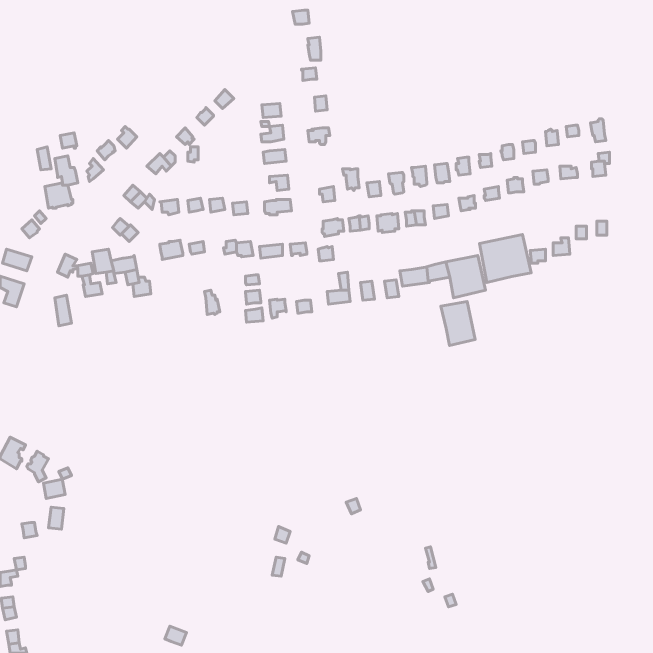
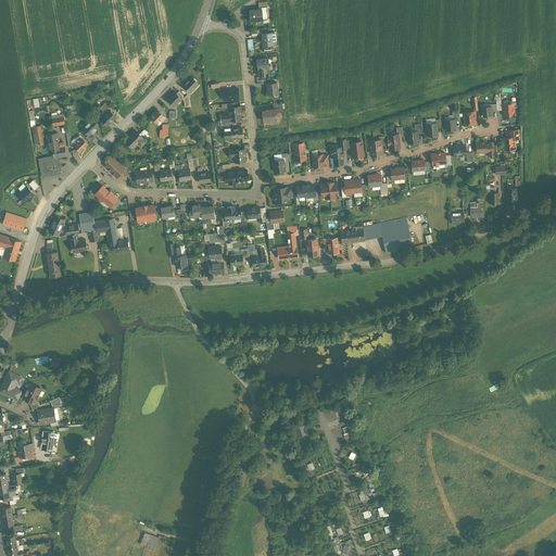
building: [479,235,531,283] -> none
building: [441,302,475,345] -> none

